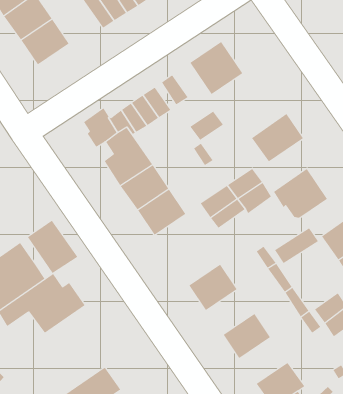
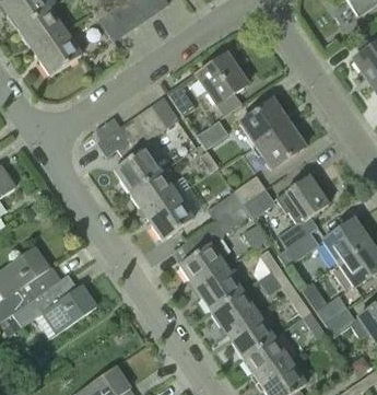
building: none -> [238,100,288,147]
building: [27,220,78,274] -> none
building: none -> [179,243,225,288]
building: none -> [211,291,258,335]
building: none -> [243,337,290,382]

